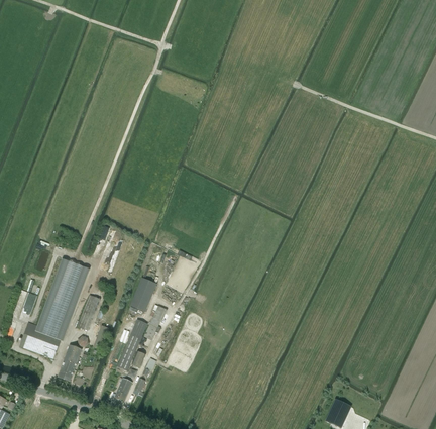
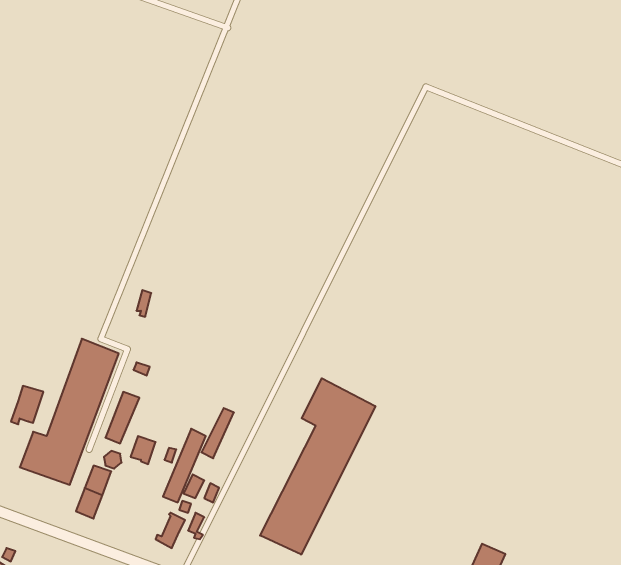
building: [129,278,156,312] -> none
building: none -> [260,378,375,555]

